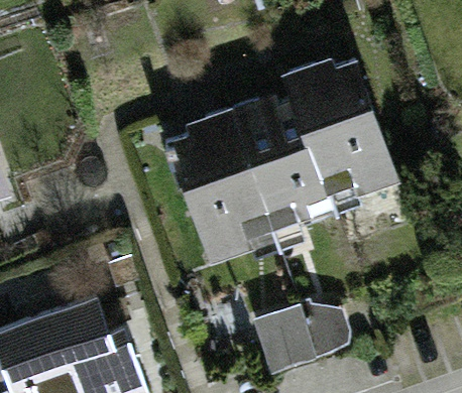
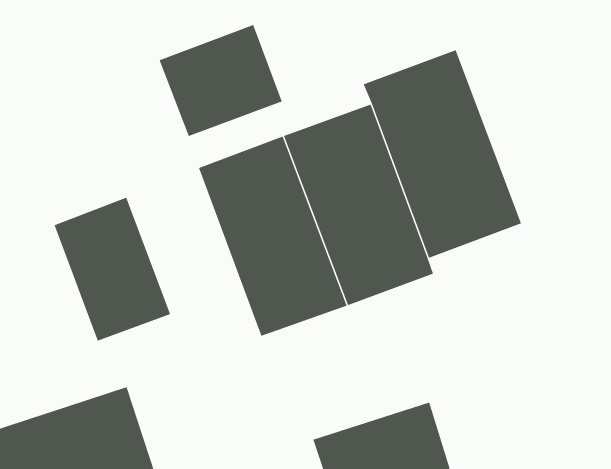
building: none -> [159,24,282,137]
building: none -> [54,197,171,341]

